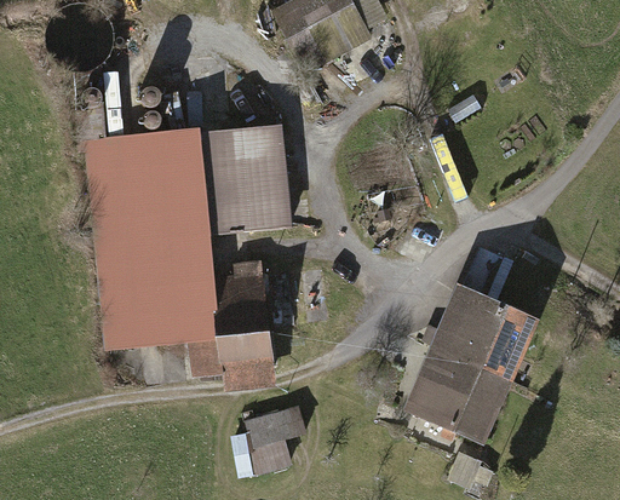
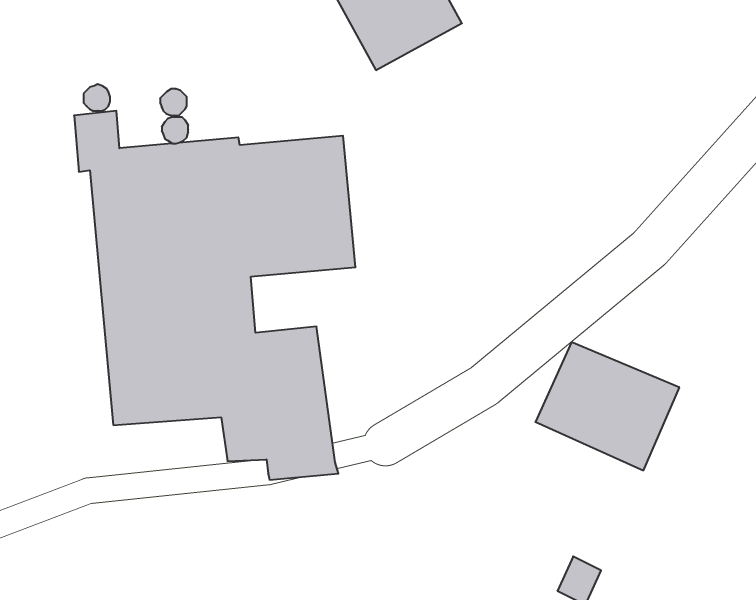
building: [401,346,513,449] -> none
building: [230,404,306,477] -> none

